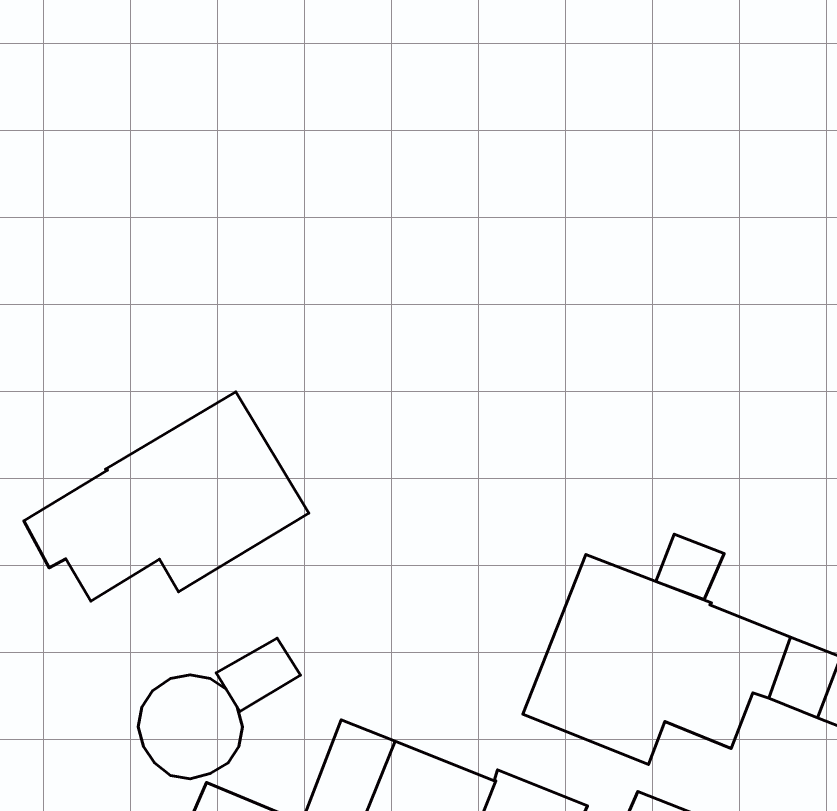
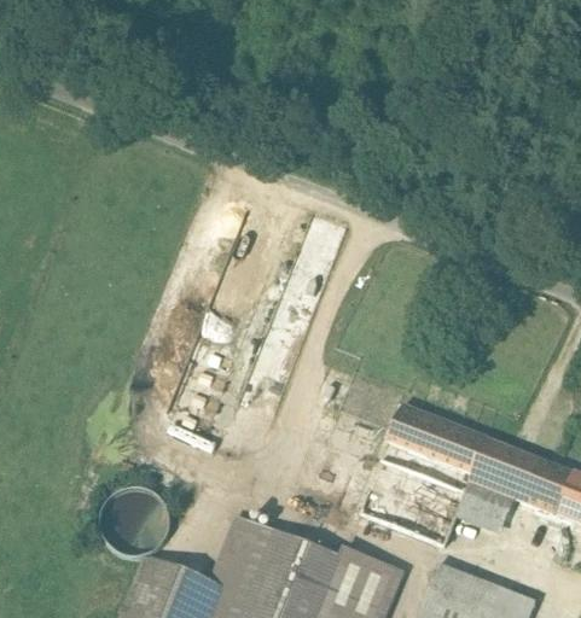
building: [24,392,309,601] -> none
building: [656,534,724,600] -> none
building: [216,638,301,711] -> none

